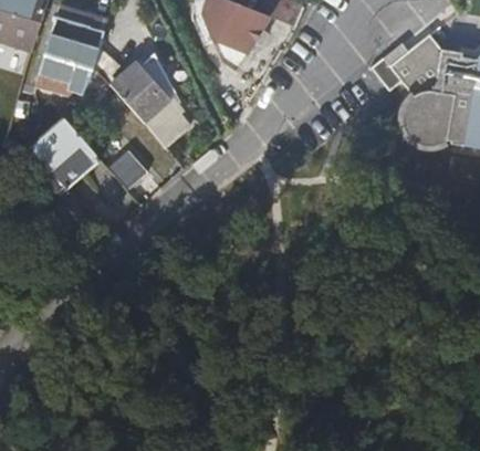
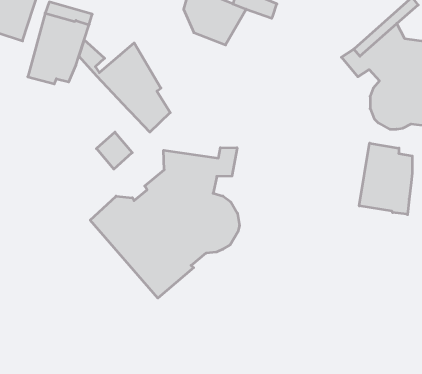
building: [23,116,103,196] -> none
building: none -> [359,143,412,215]
building: none -> [90,148,239,298]

